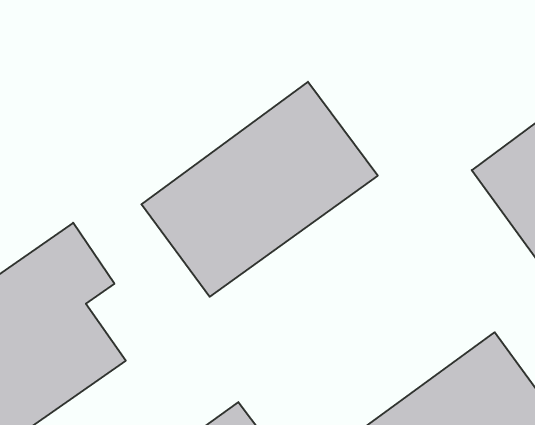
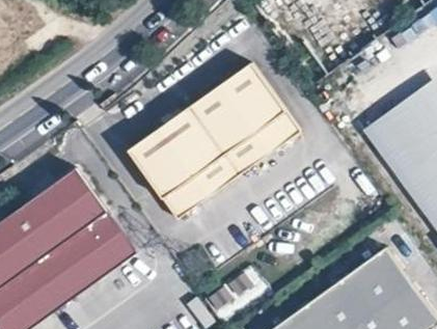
building: none -> [86,212,137,268]

